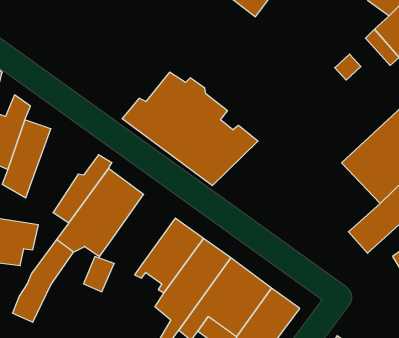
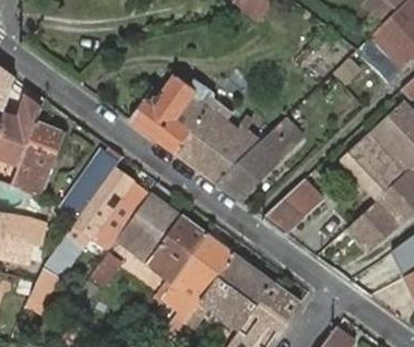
building: none -> [215,119,299,199]
building: none -> [263,179,320,234]
building: none -> [117,192,179,259]

